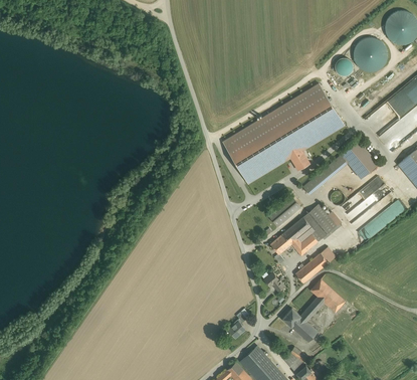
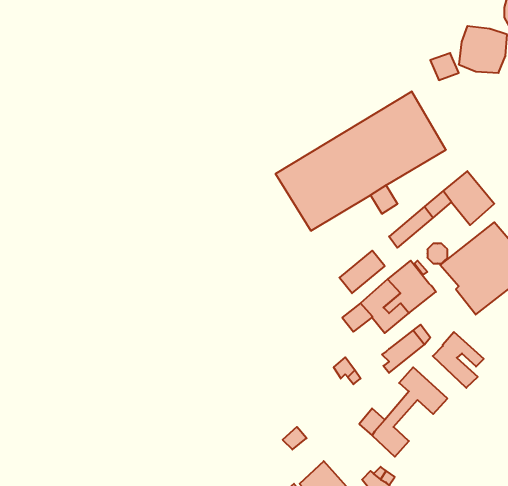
building: none -> [433,332,484,388]

